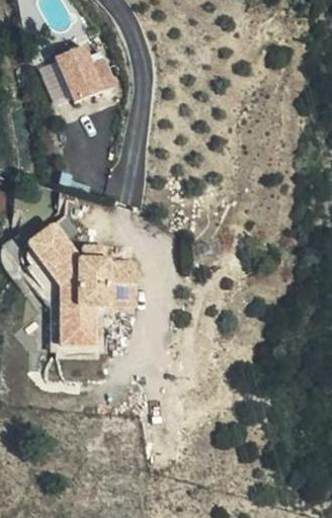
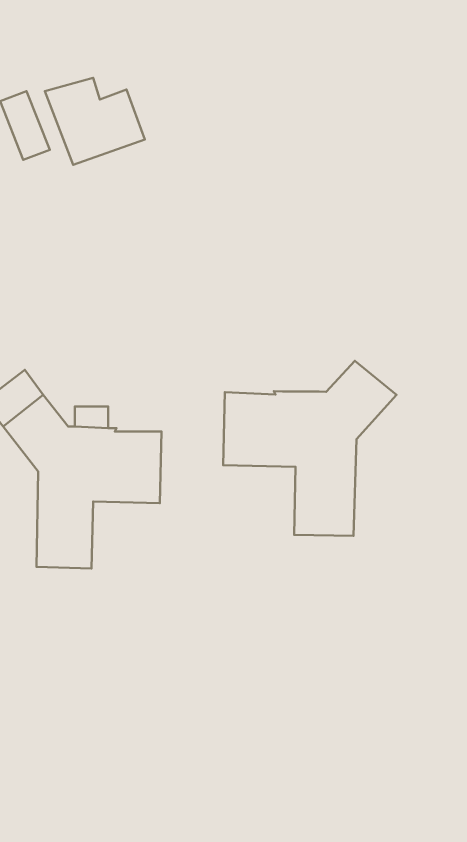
building: none -> [223,361,397,536]

